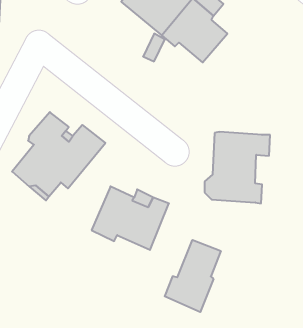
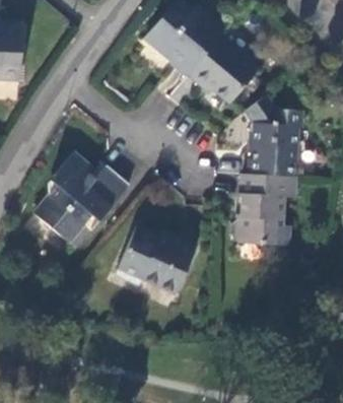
building: none -> [243,96,298,177]
building: [165,240,221,312] -> none

